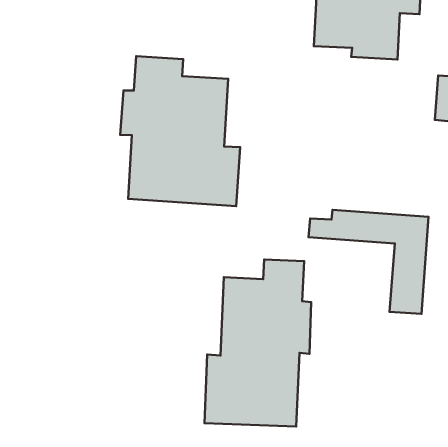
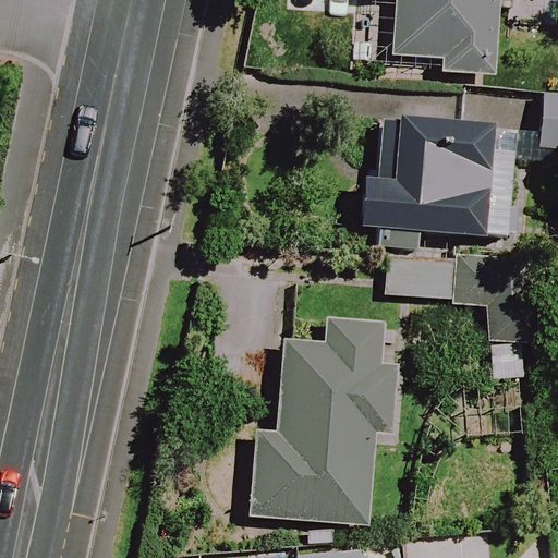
building: [120,56,240,206] -> none
building: none -> [361,113,515,235]

